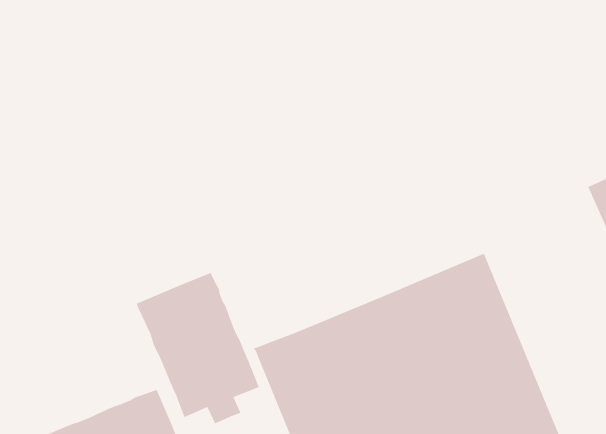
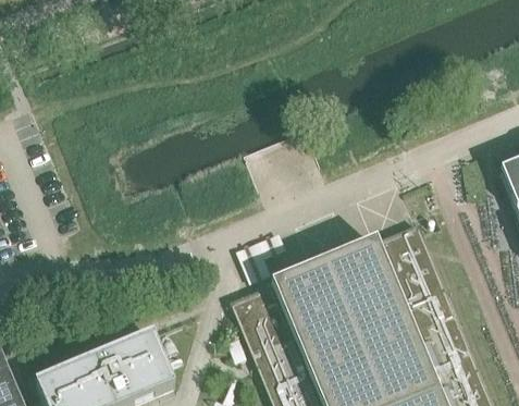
building: [136,272,259,424] -> none

